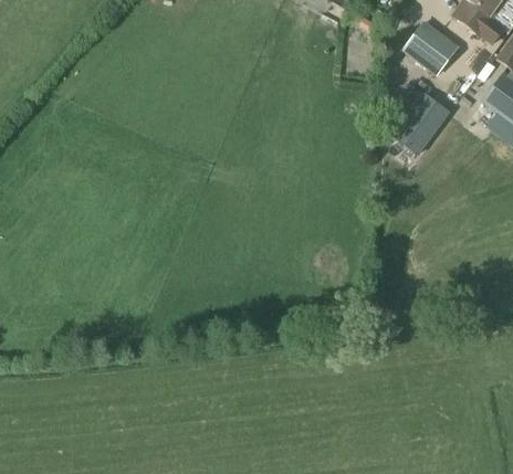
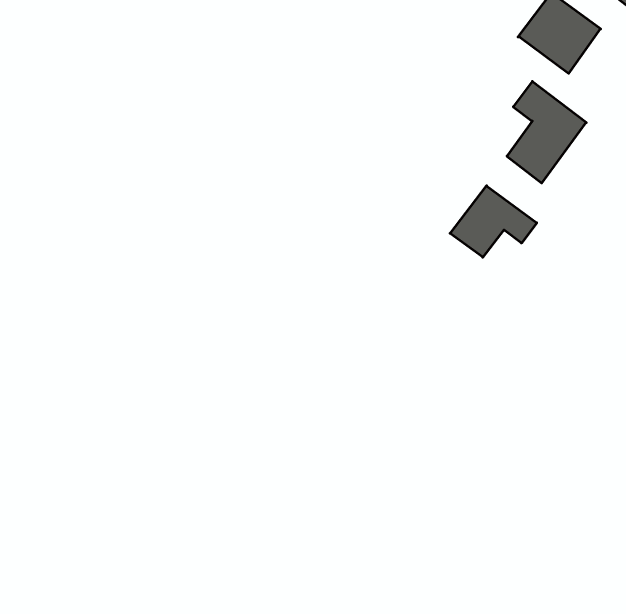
building: none -> [450,186,537,257]

